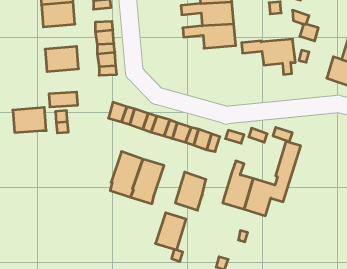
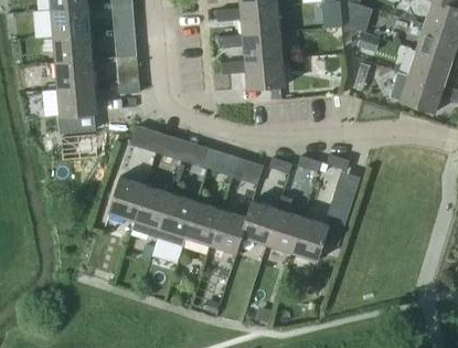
building: none -> [53,32,93,62]
building: [242,39,295,74] -> [221,57,285,99]
building: [13,107,46,132] -> [57,85,97,115]
building: none -> [108,176,146,220]
building: none -> [242,199,277,244]
building: [155,213,186,250] -> [184,200,221,244]

